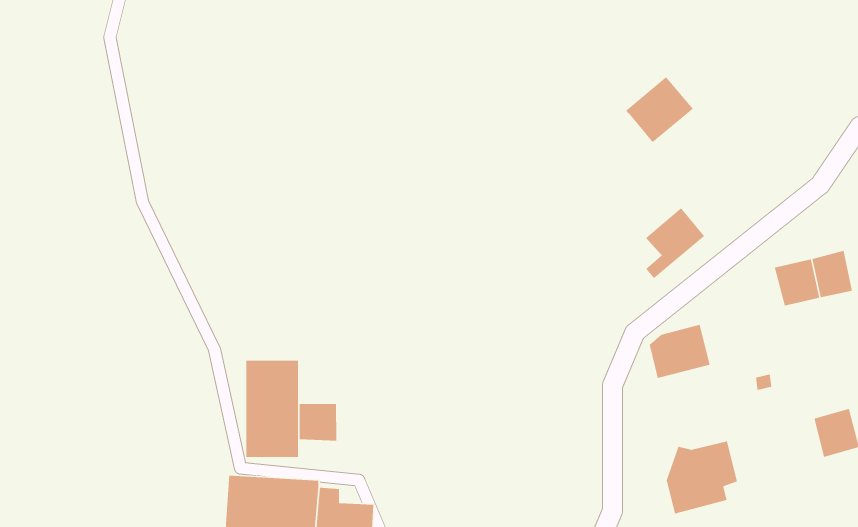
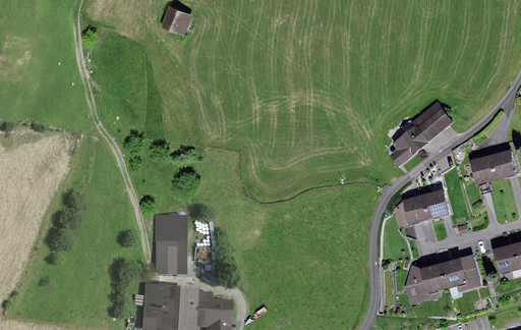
building: none -> [164,9,192,37]
building: [625,76,694,143] -> [412,102,453,142]
building: none -> [425,189,449,218]
building: [299,403,337,441] -> none
building: none -> [442,256,481,291]

